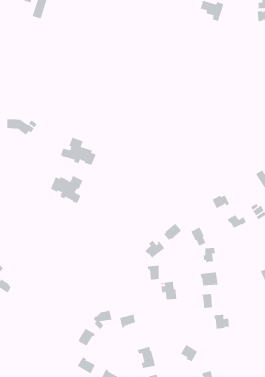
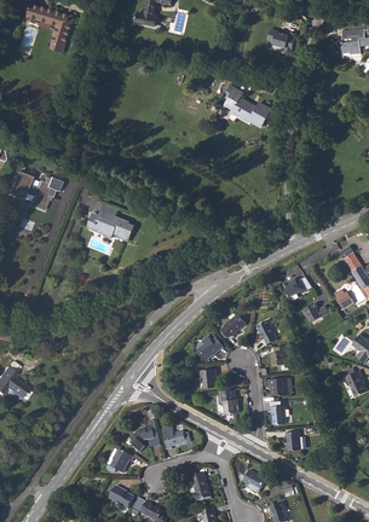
building: none -> [225,86,271,126]
building: [50,175,83,204] -> none

